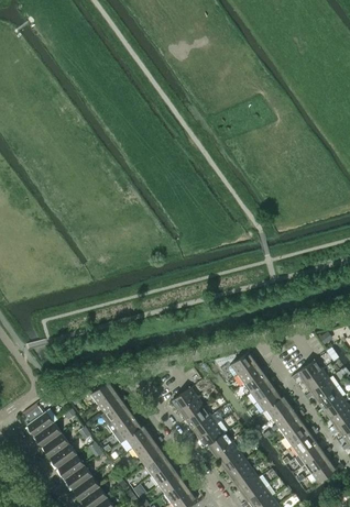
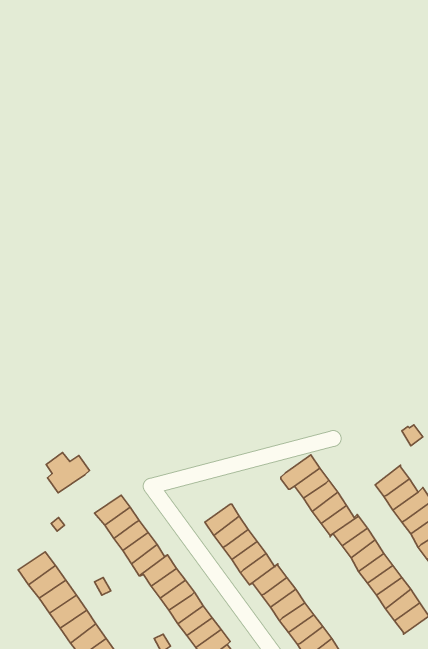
building: [25,408,57,438] -> [46,452,89,493]

